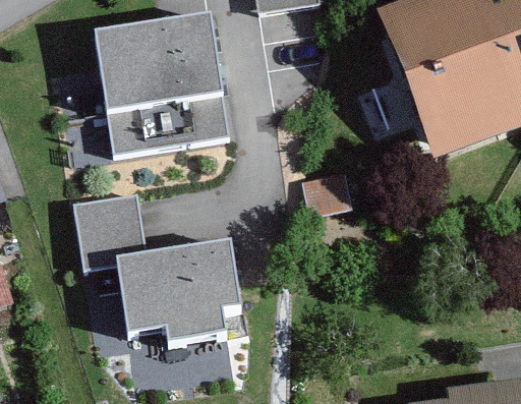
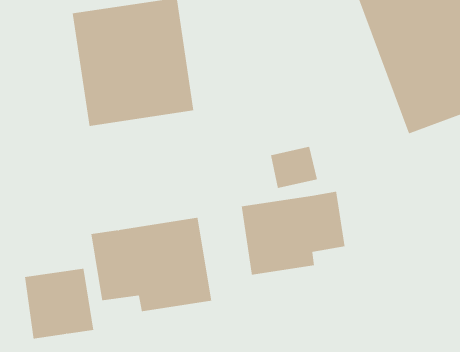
building: [72,193,144,267] -> [24,268,94,339]
building: none -> [241,191,345,276]

